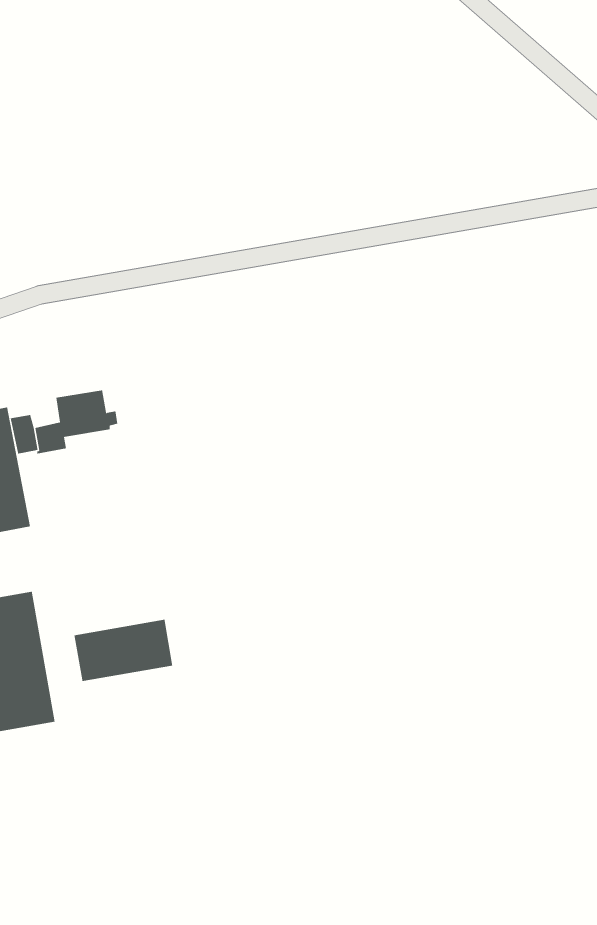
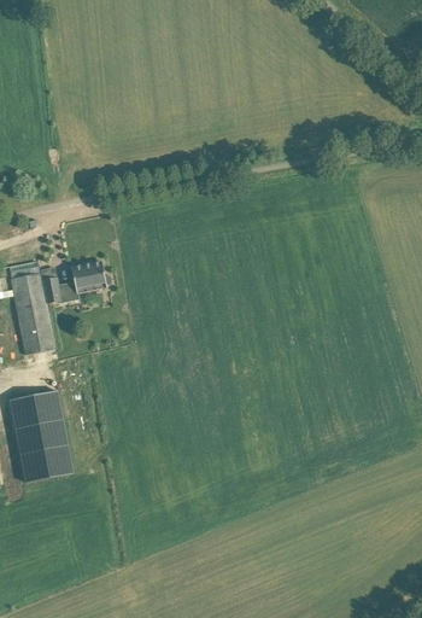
building: [74,619,173,682] -> none

